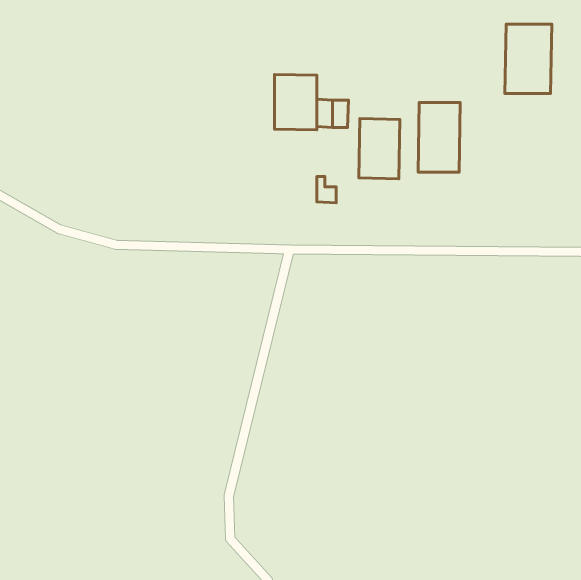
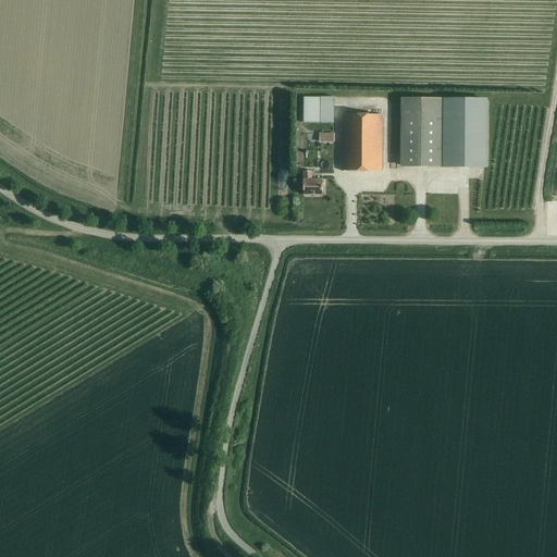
building: [505,24,552,94] -> [442,98,486,164]
building: [275,75,317,130] -> none

